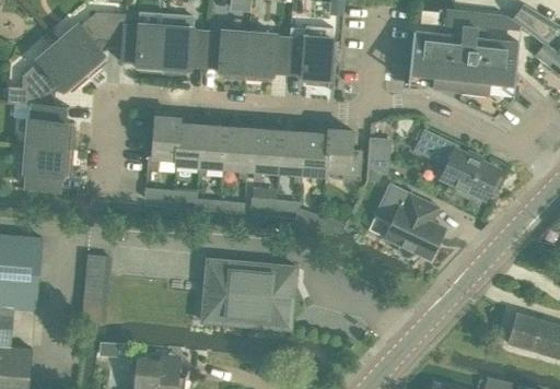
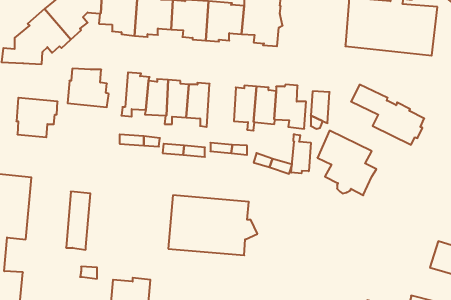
building: [26,105,74,150] -> [68,69,109,107]
building: [253,129,280,180] -> none
building: none -> [291,134,311,173]

